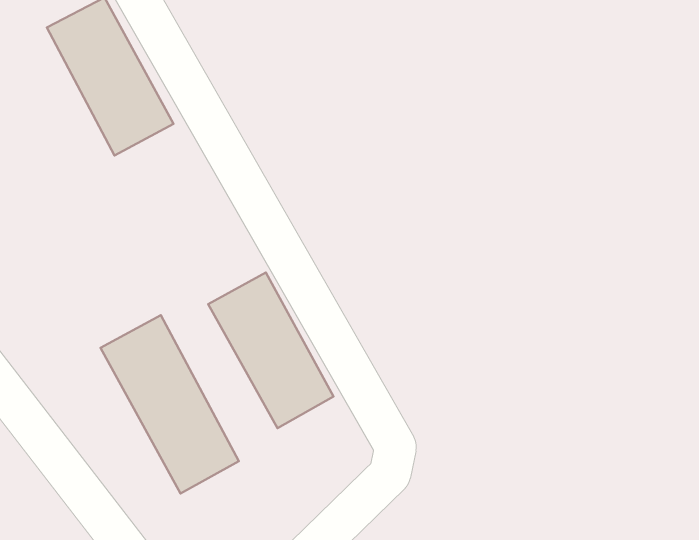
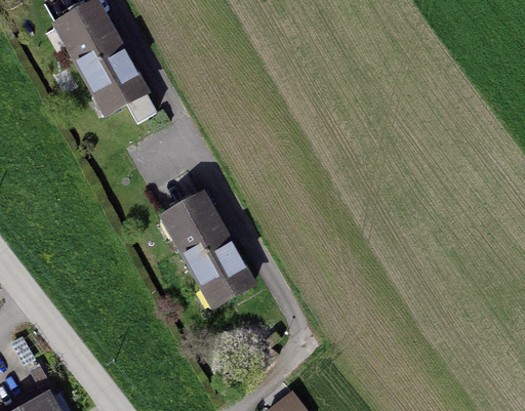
building: [101,315,239,494] -> none

